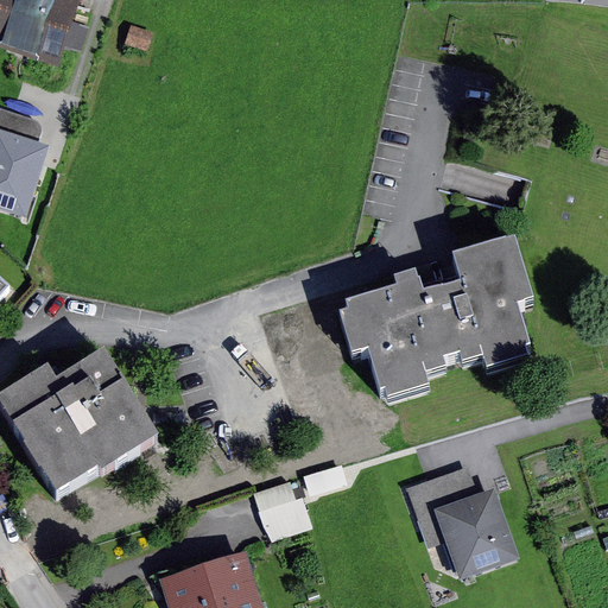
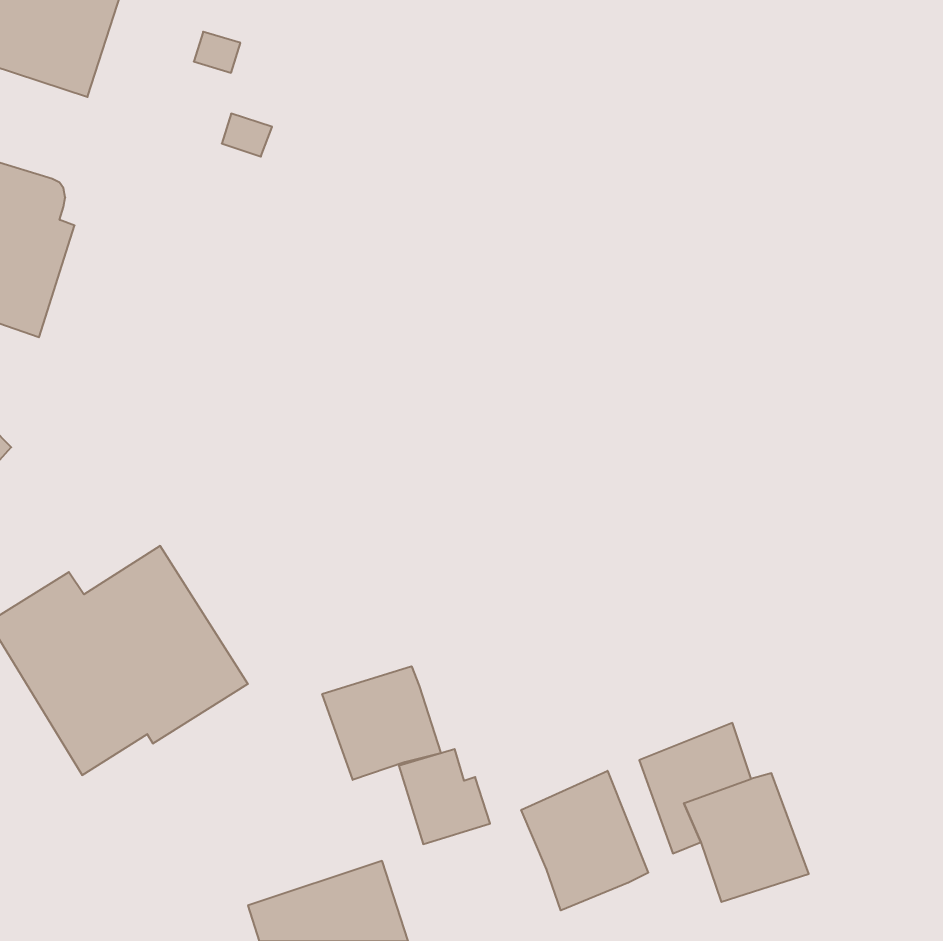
building: [337,236,533,398] -> none
building: none -> [322,666,441,780]
building: none -> [521,771,648,910]

